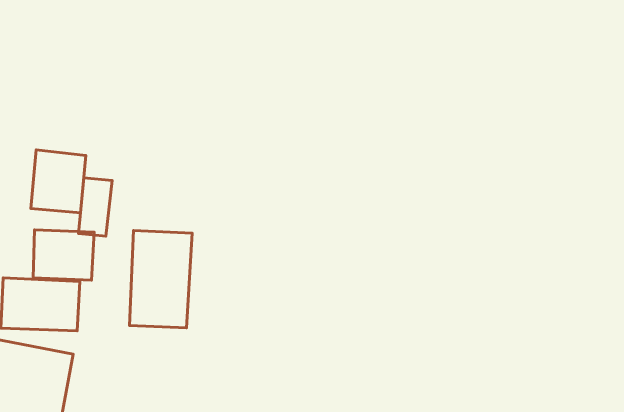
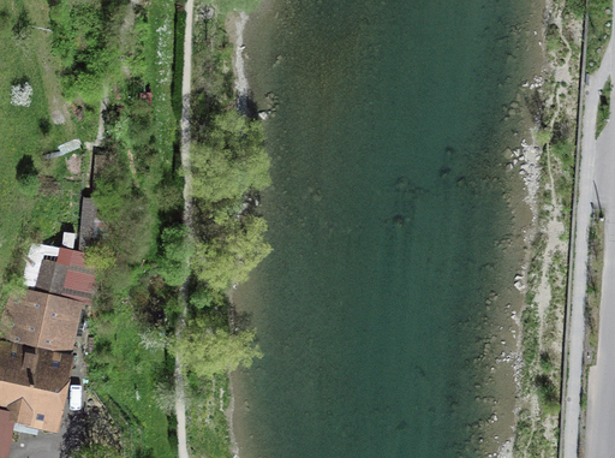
building: [31,150,86,213] -> none
building: [129,231,192,328] -> none

